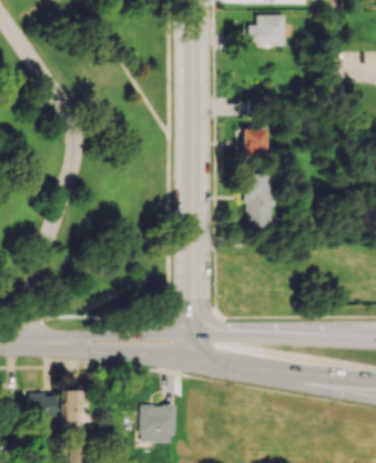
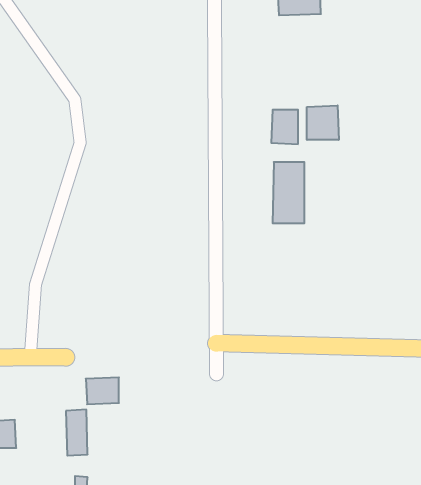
building: none -> [307,105,339,140]
building: [30,394,59,417] -> [86,377,119,404]
building: [141,405,174,443] -> none

